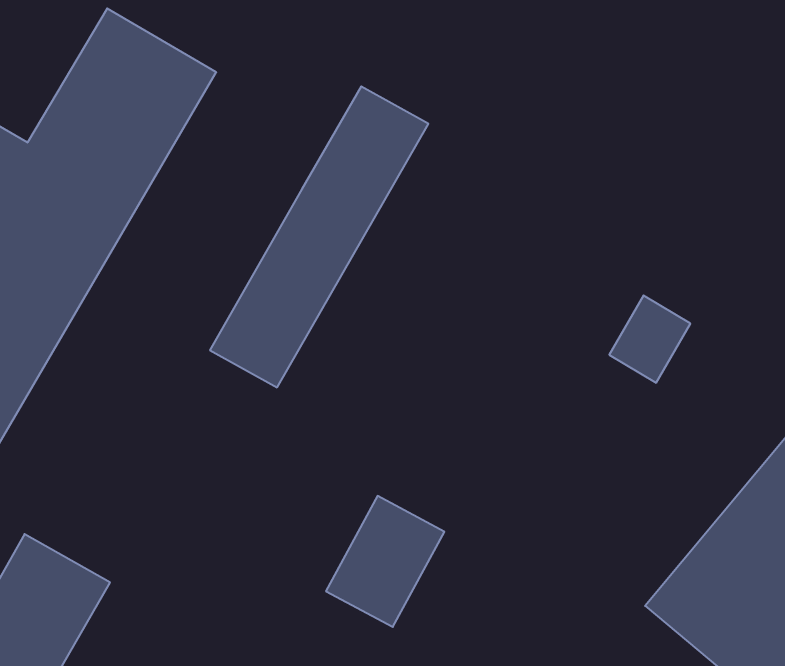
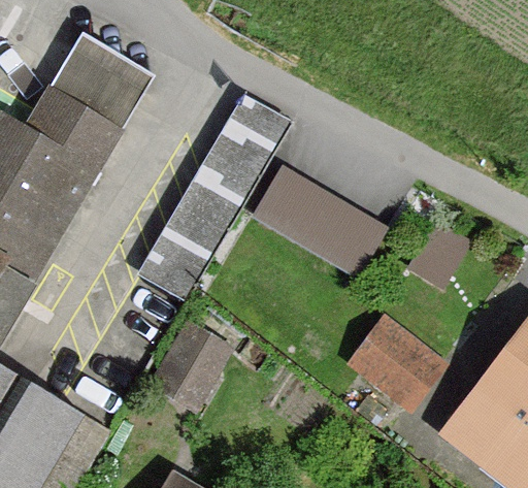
building: none -> [250,166,382,272]
building: none -> [343,317,441,412]
building: [326,496,444,627] -> [153,322,231,409]

